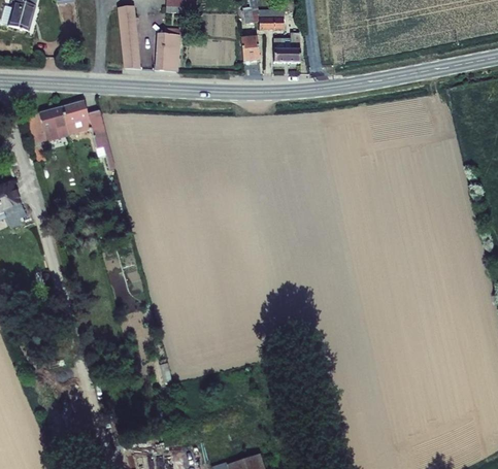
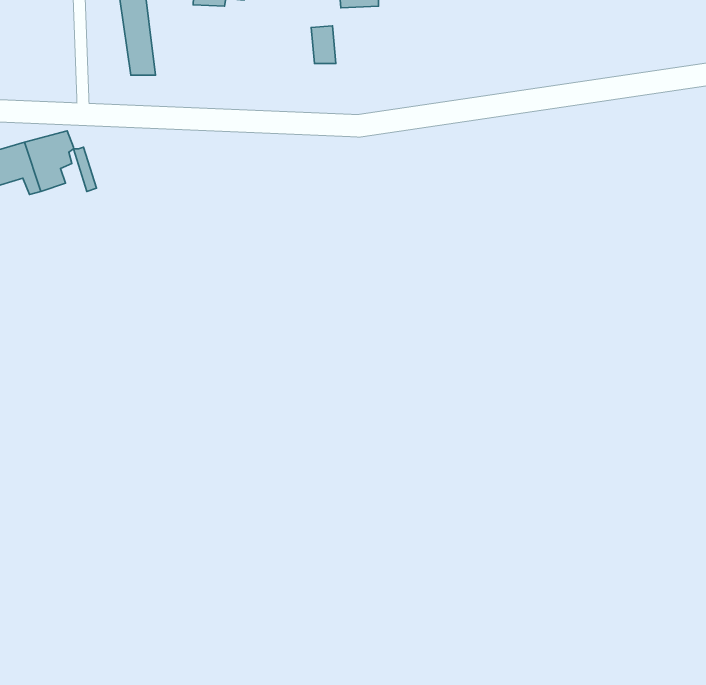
building: [158,30,178,70] -> none
building: [275,31,301,60] -> none

